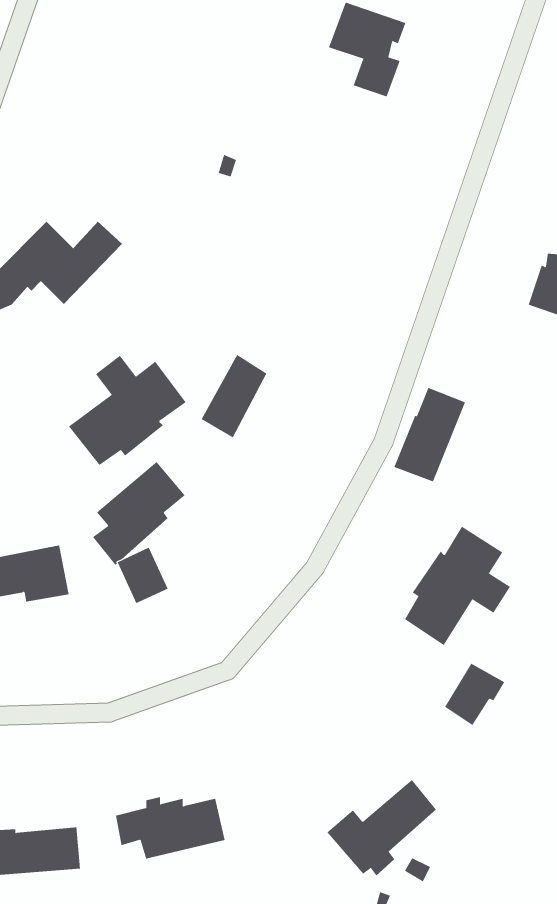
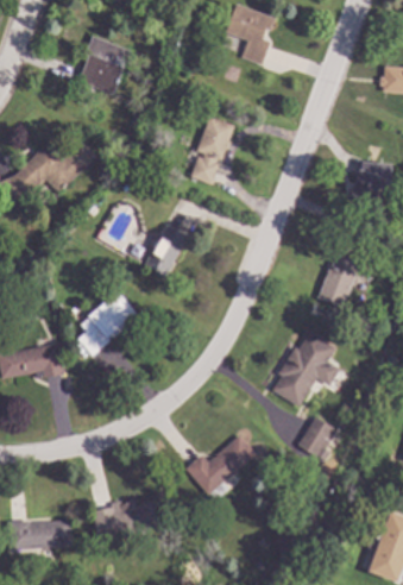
building: none -> [80,37,130,95]
building: none -> [189,117,234,184]
building: [68,355,187,466] -> none
building: [394,387,466,482] -> [316,249,361,308]
building: [327,779,437,876] -> [185,435,254,496]

